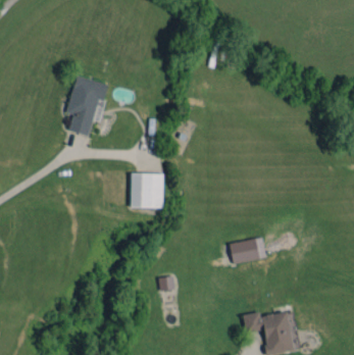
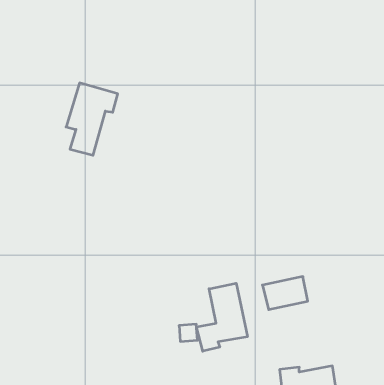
building: [131,173,163,207] -> none
building: none -> [197,283,247,351]

